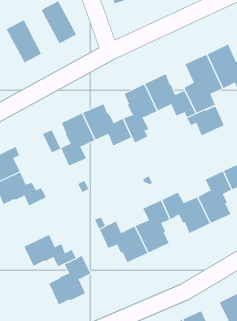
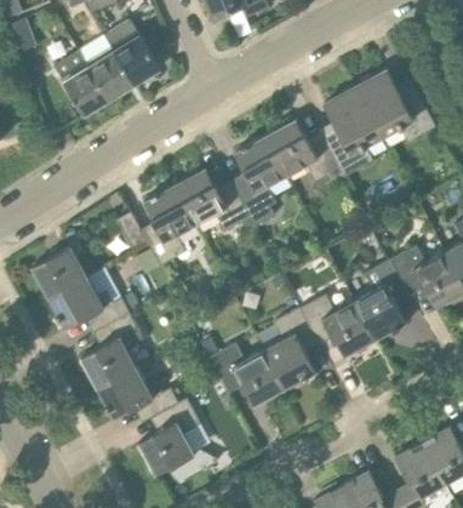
building: none -> [86,46,133,99]
building: [187,105,225,136] -> none
building: none -> [80,314,135,389]

